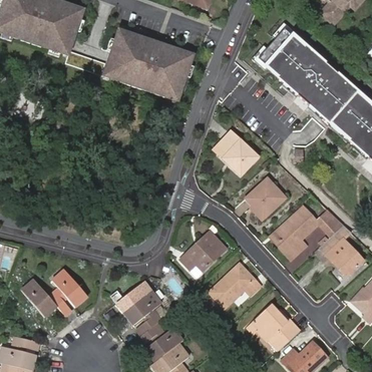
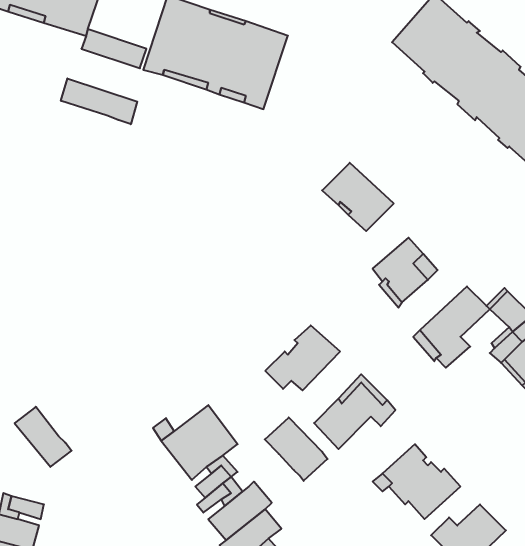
building: none -> [61,78,137,124]
building: [51,273,90,319] -> none
building: none -> [265,417,328,481]

